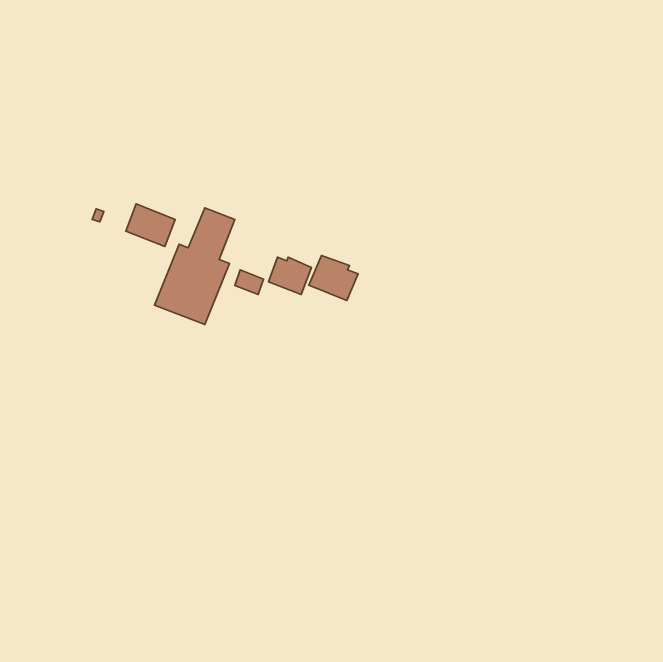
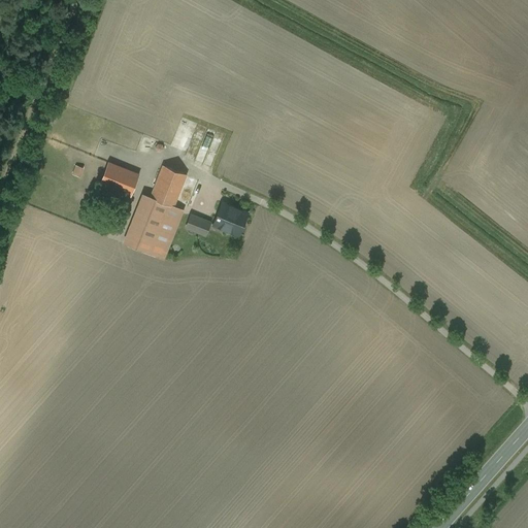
building: [309,256,358,300] -> none

